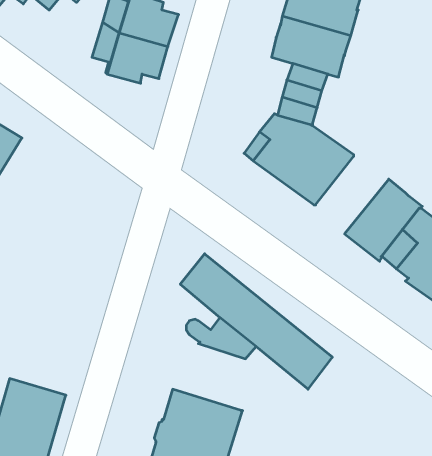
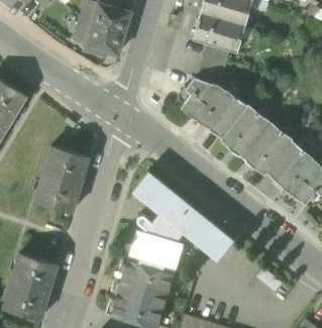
building: none -> [219,104,271,157]
building: none -> [34,145,89,213]
building: none -> [127,228,183,275]

